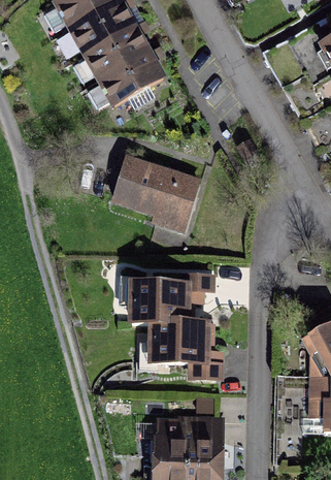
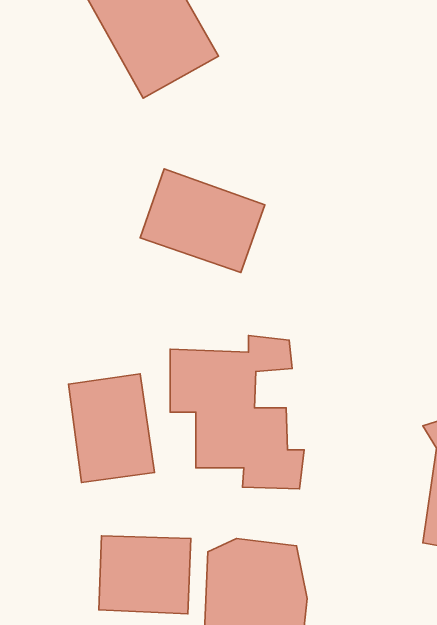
building: none -> [68,374,155,483]
building: none -> [99,536,191,614]

